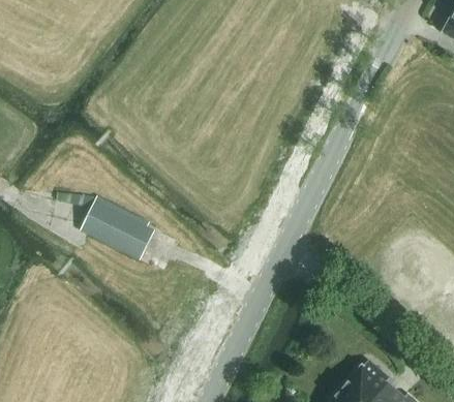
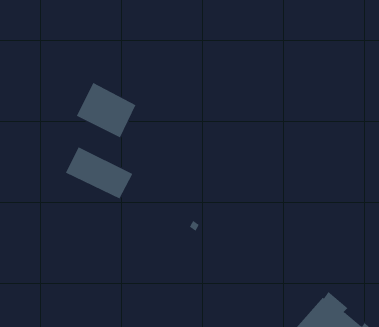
building: none -> [76,82,136,138]

